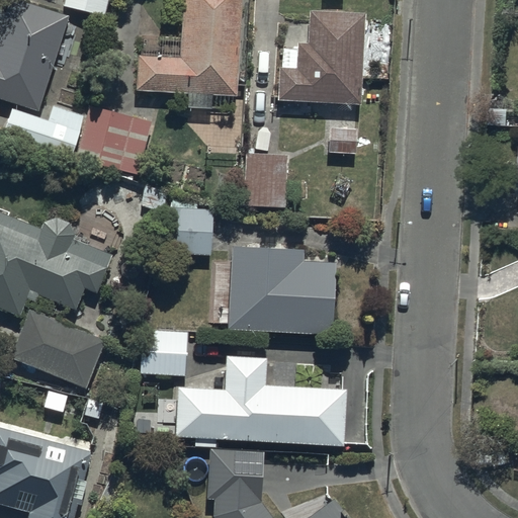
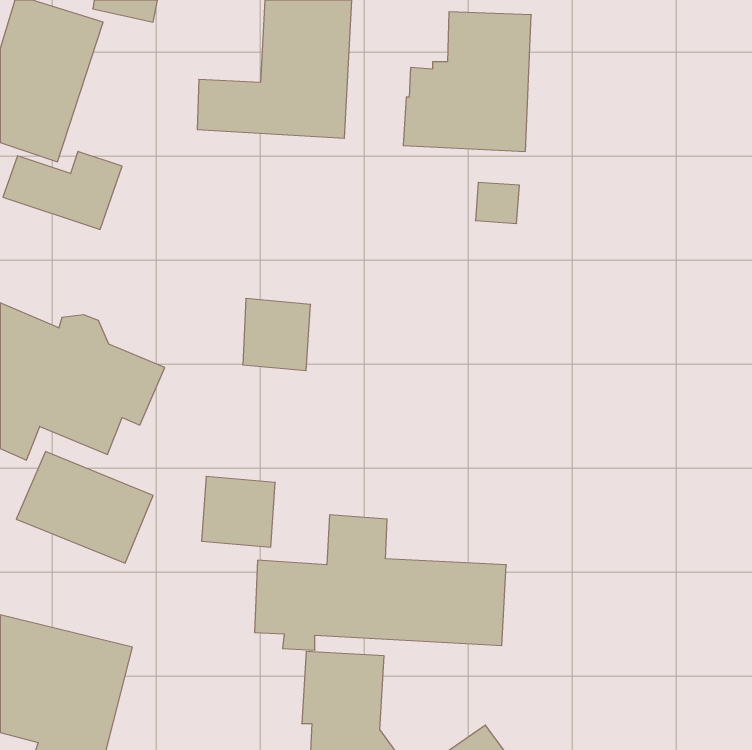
building: [77,106,151,174] -> none
building: [243,154,287,207] -> none
building: [227,247,336,332] -> none

